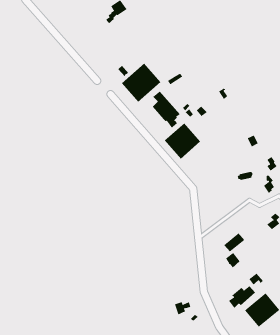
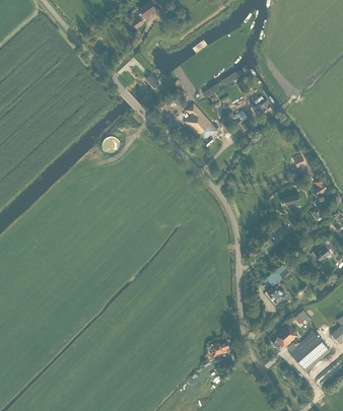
building: [121,63,161,103] -> none
building: [164,122,201,159] -> none

